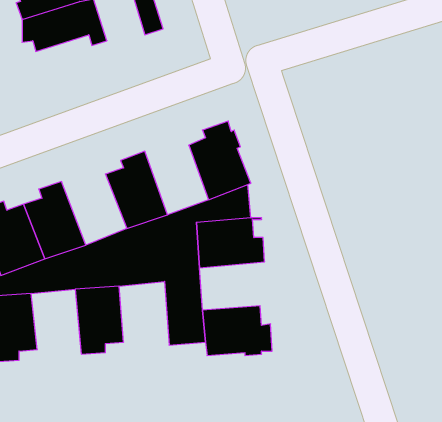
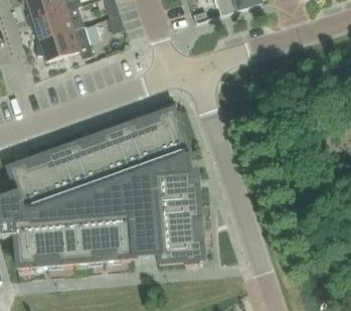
building: none -> [119,121,161,169]
building: none -> [63,141,107,189]
building: none -> [155,200,200,232]
building: none -> [102,213,135,259]
building: none -> [43,218,76,263]

